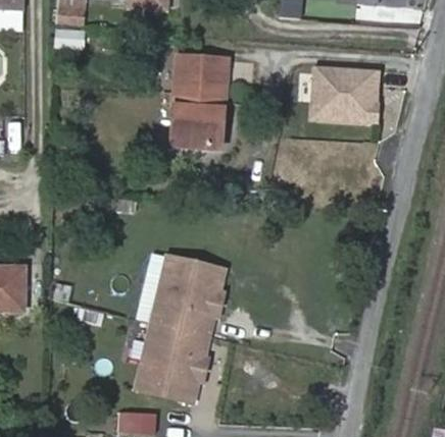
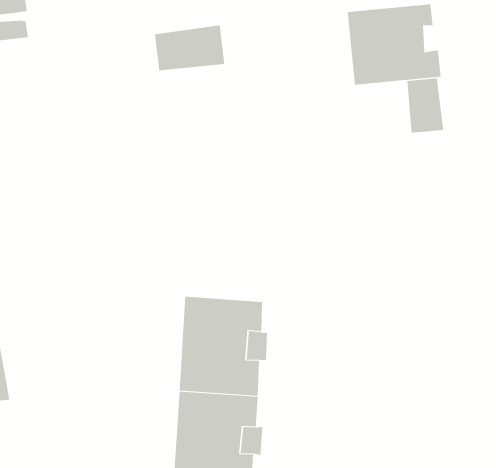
building: [171,85,225,146] -> none
building: none -> [407,77,444,133]

